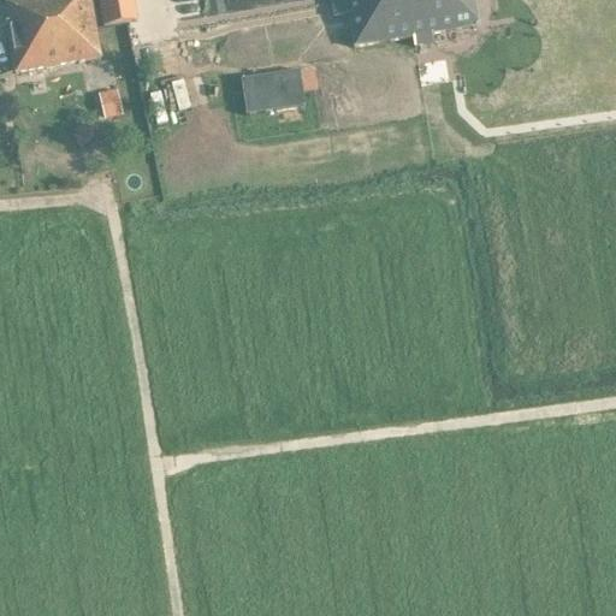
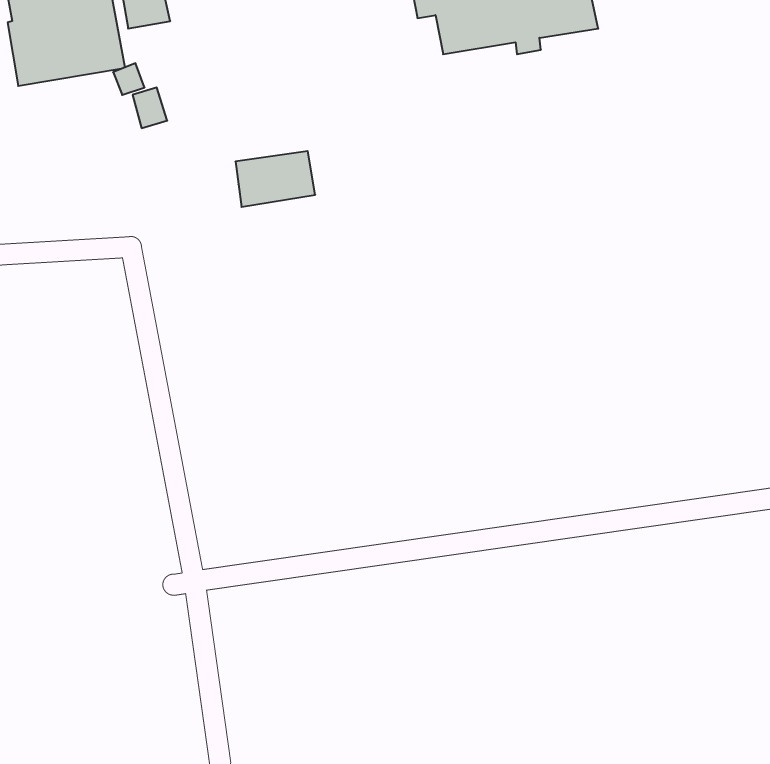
building: [239,67,303,112] -> [235,151,315,207]

